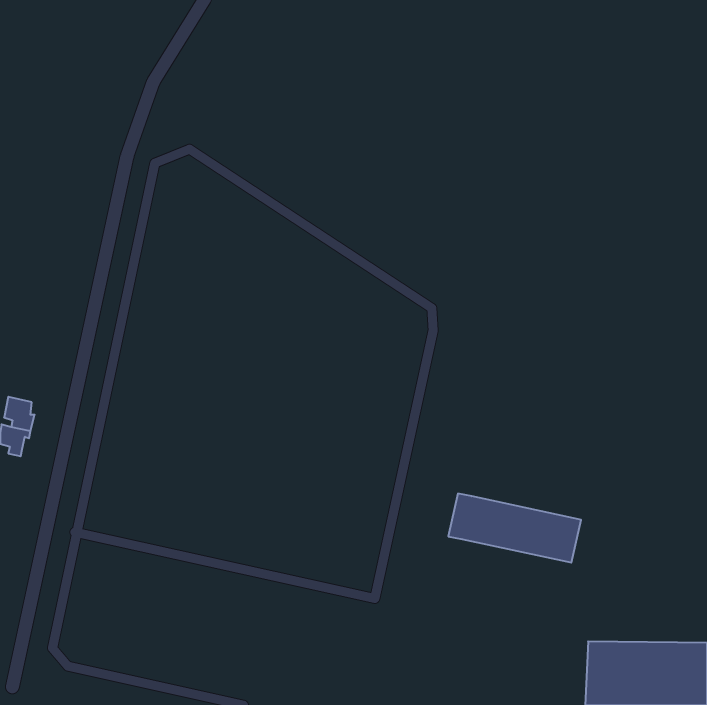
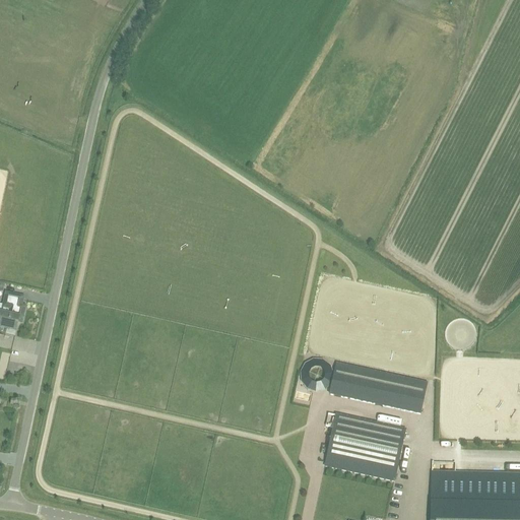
building: none -> [324,414,405,480]

